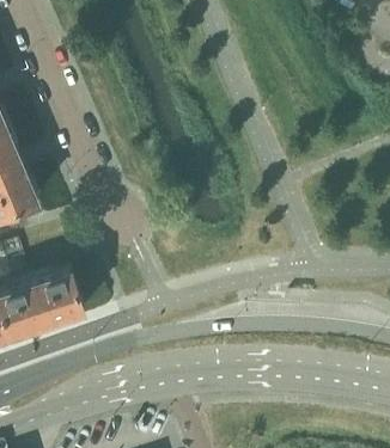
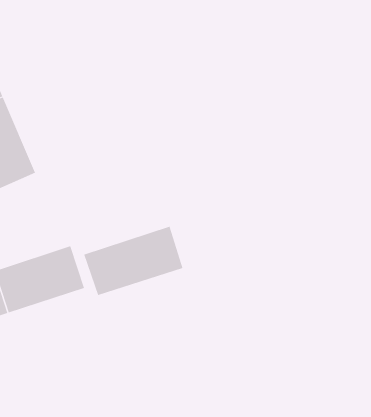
building: none -> [83,226,183,296]

